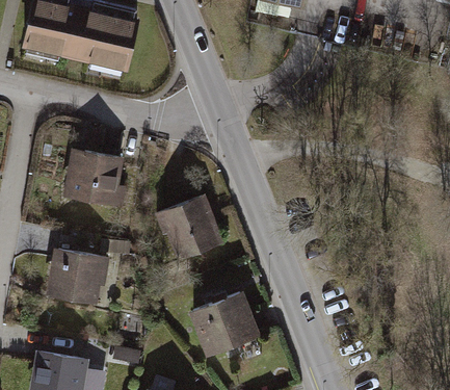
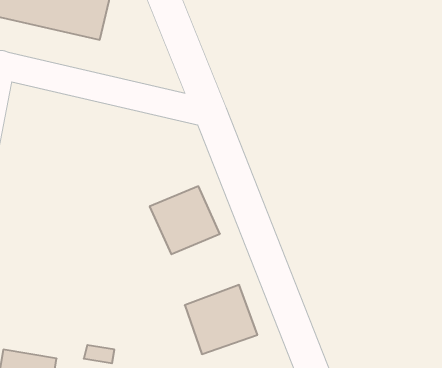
building: [61,150,116,204] -> none
building: [45,250,103,302] -> none

